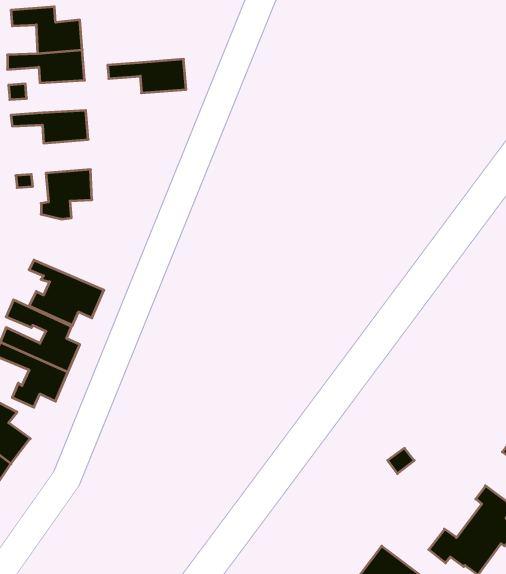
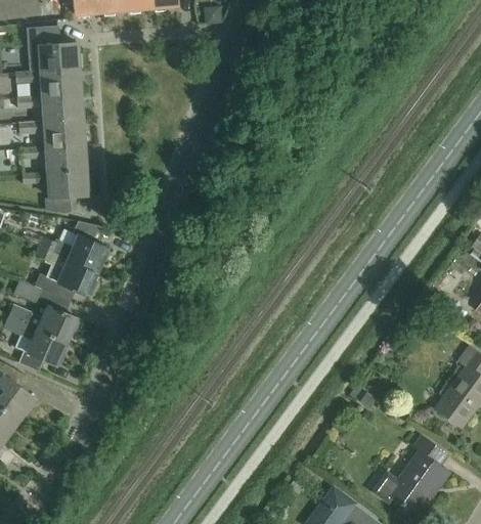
building: [108,59,186,93] -> [19,143,86,172]
building: none -> [43,93,82,121]
building: none -> [38,221,107,271]

